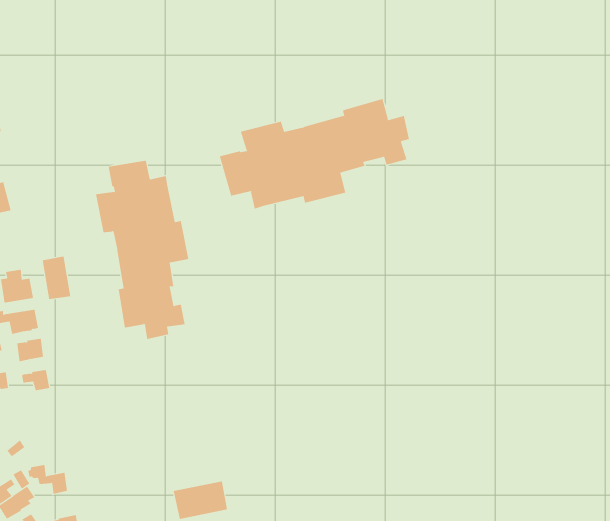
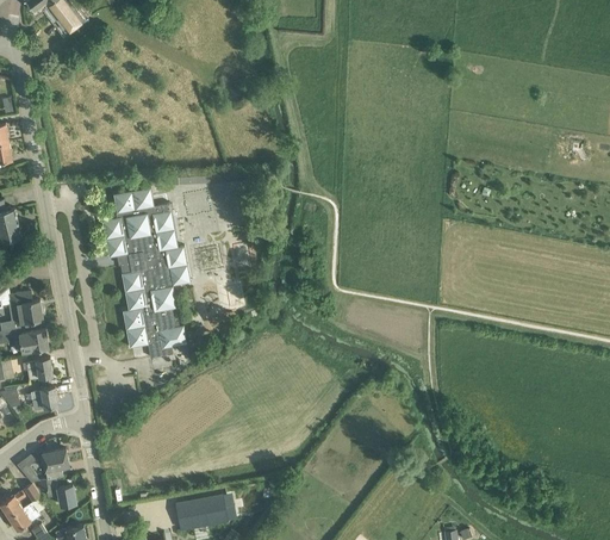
building: [219,98,409,209] -> none
building: [42,256,71,300] -> none
building: none -> [41,449,68,479]

